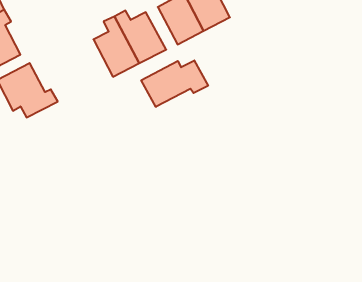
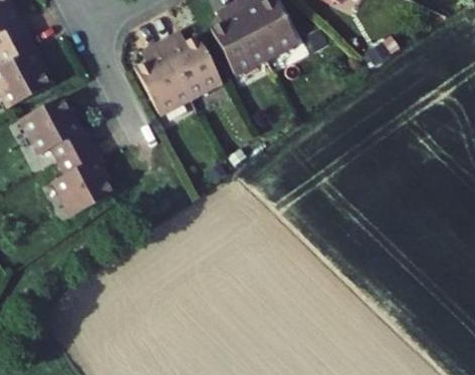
building: [141,60,208,107] -> none
building: none -> [53,143,110,217]

